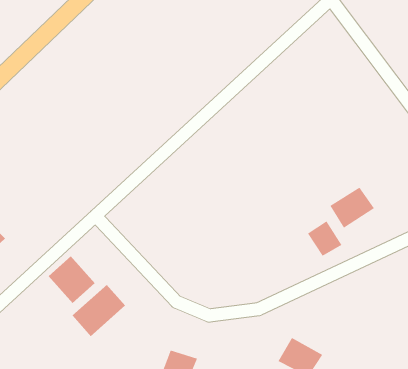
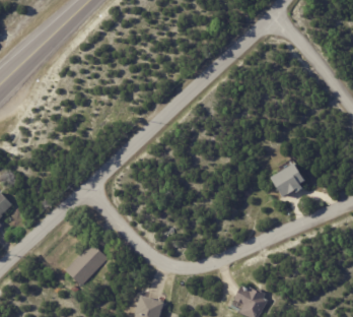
building: [307,221,342,257] -> none
building: [48,256,95,304] -> none

